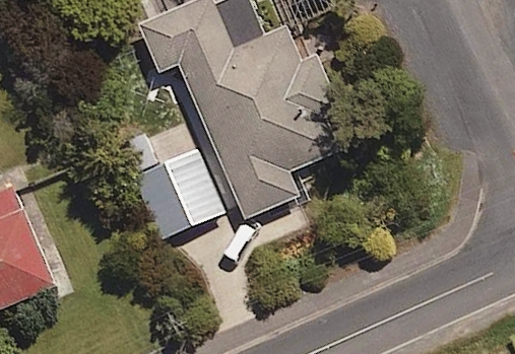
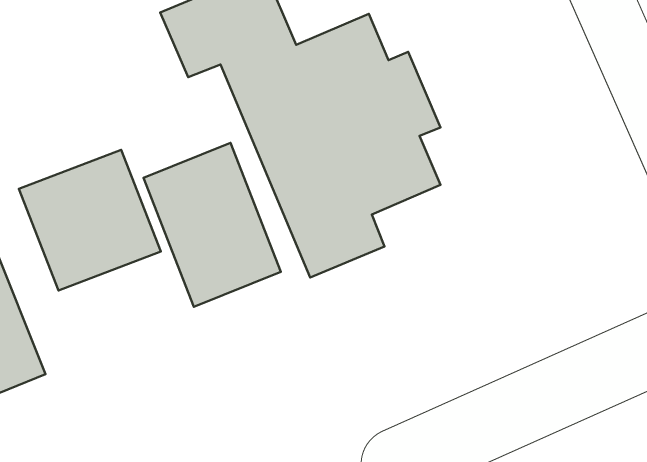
building: none -> [19,150,161,291]

